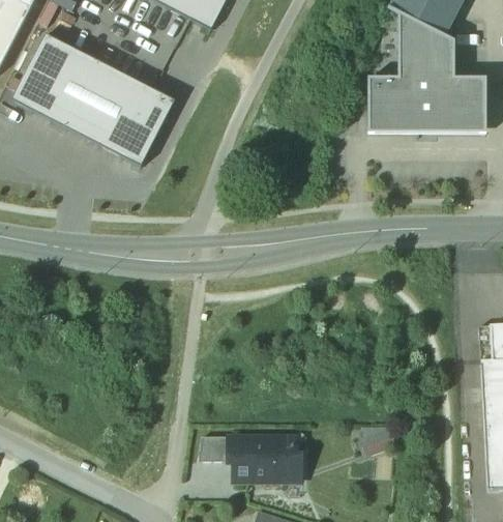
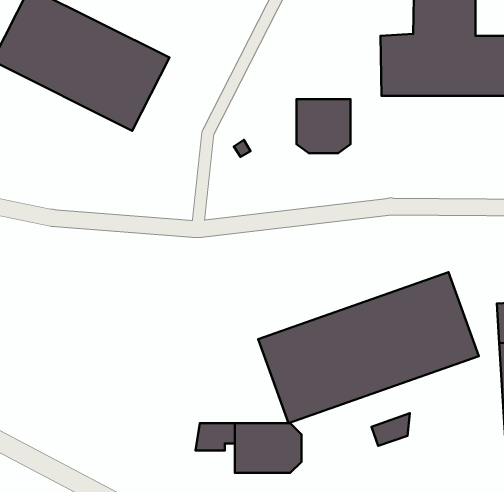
building: none -> [297,99,350,153]
building: none -> [258,272,479,423]

